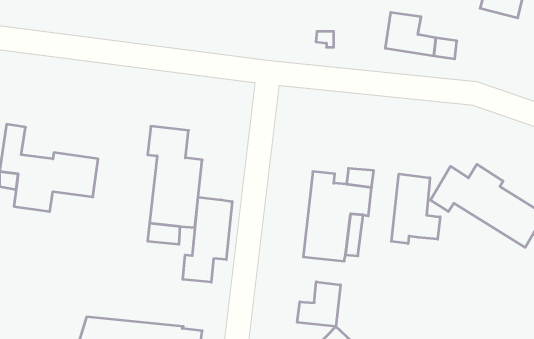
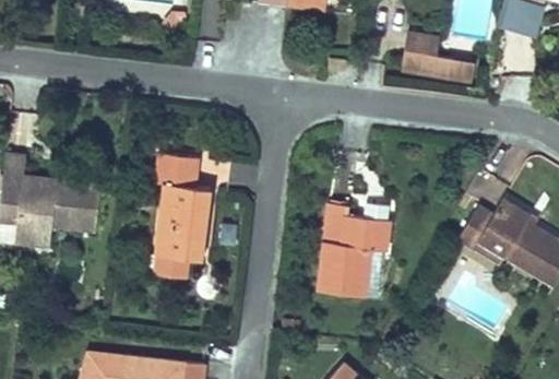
building: [391,174,440,244] -> none
building: [183,197,232,282] -> none
building: [297,282,340,326] -> none

